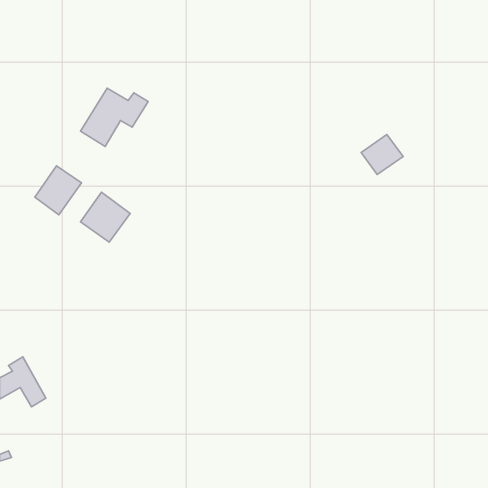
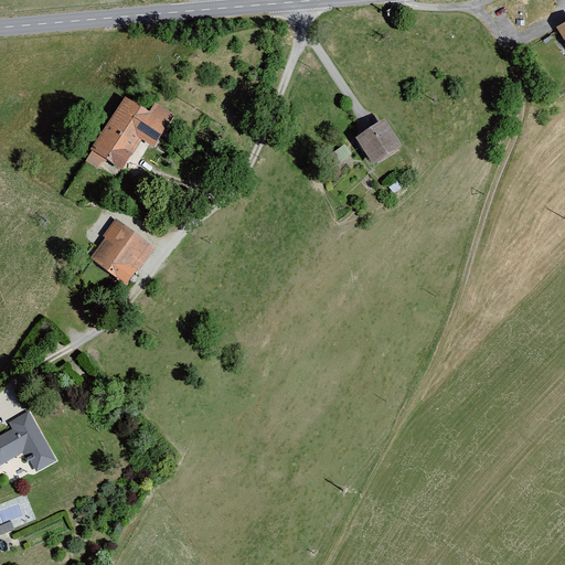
building: [361,134,403,175] -> [353,117,402,163]
building: [35,166,82,215] -> none

